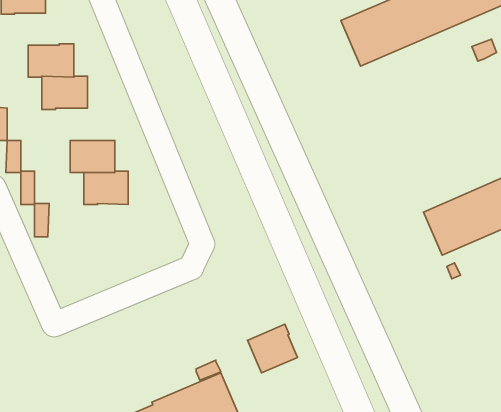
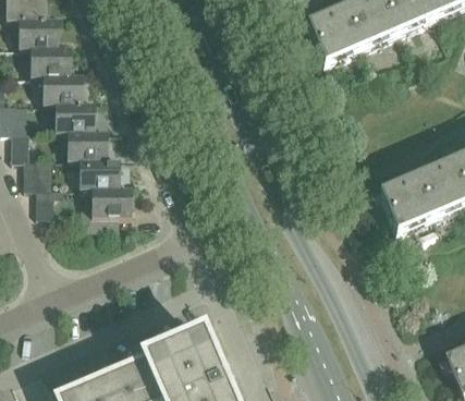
building: none -> [19,12,58,41]
building: none -> [54,97,95,126]
building: none -> [91,181,132,210]
building: [248,324,297,373] -> none

